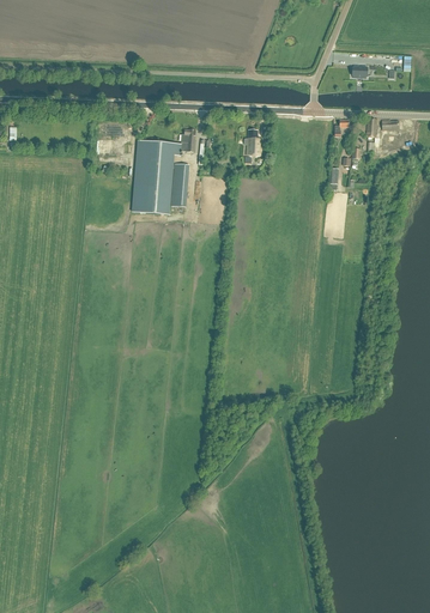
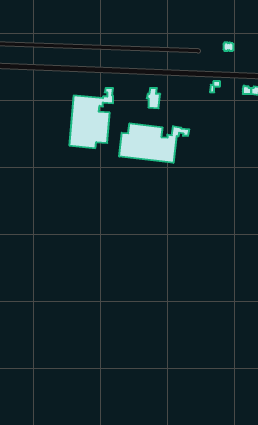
building: none -> [119,123,189,163]

